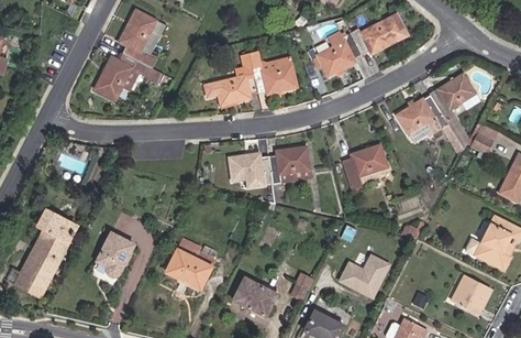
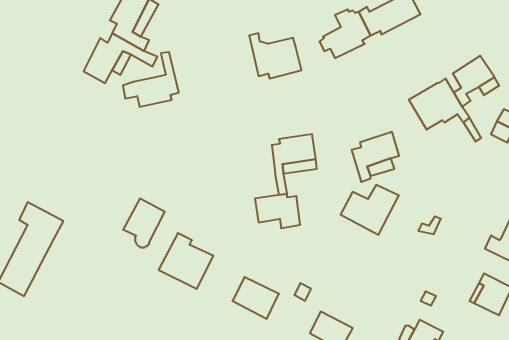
building: [206,54,257,105] -> [123,52,179,107]
building: [231,153,273,185] -> [255,194,300,228]
building: [96,231,134,276] -> [123,199,165,247]
building: [337,252,391,298] -> [341,185,399,235]

